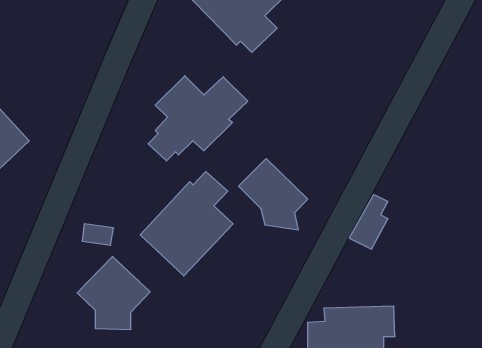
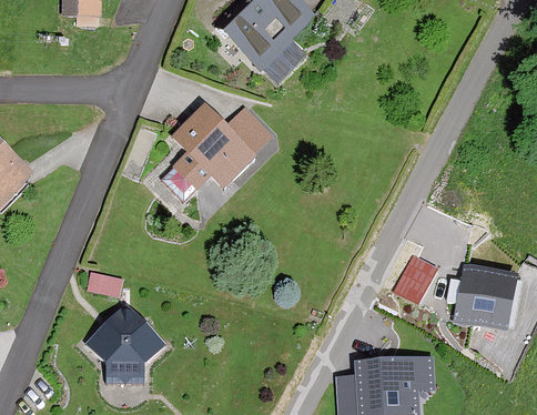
building: [239,159,308,230] -> none
building: [140,172,233,276] -> none
building: none -> [456,267,518,331]

